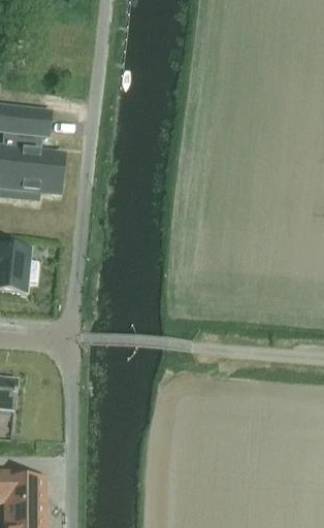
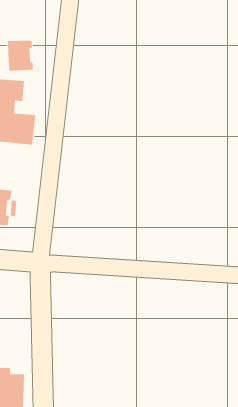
building: none -> [7,40,34,71]

